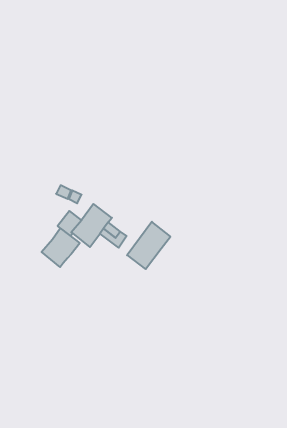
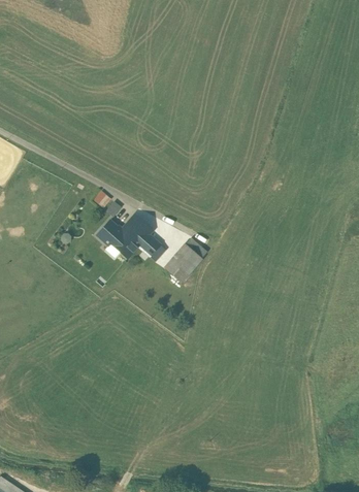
building: [42,228,80,267] -> none

